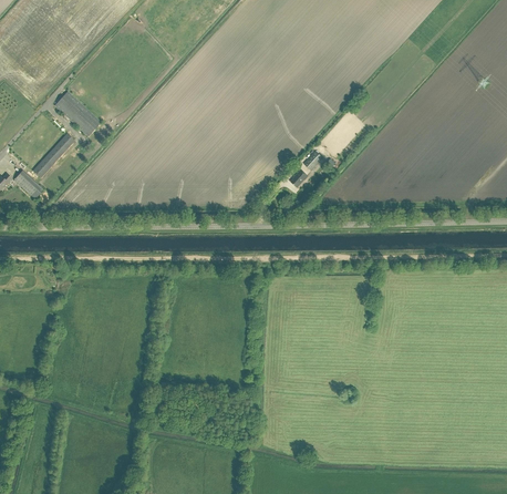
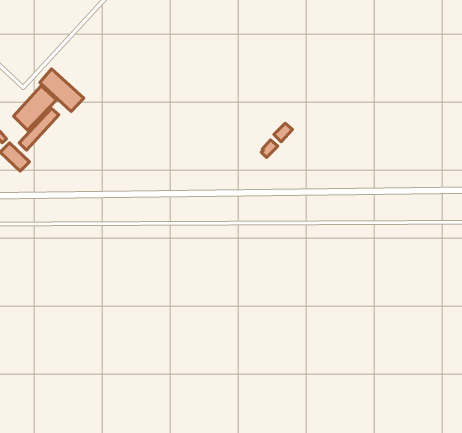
building: none -> [14,86,56,130]

